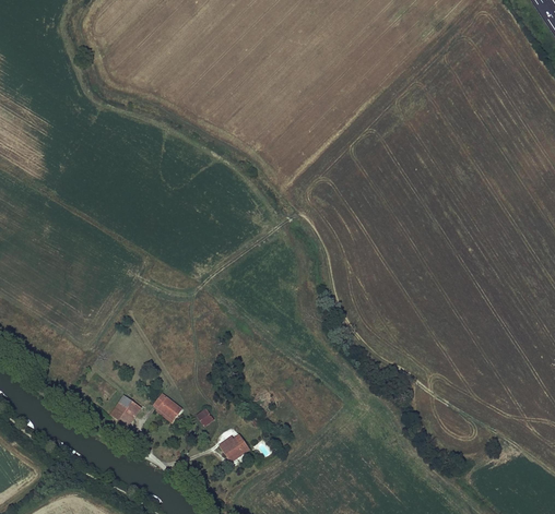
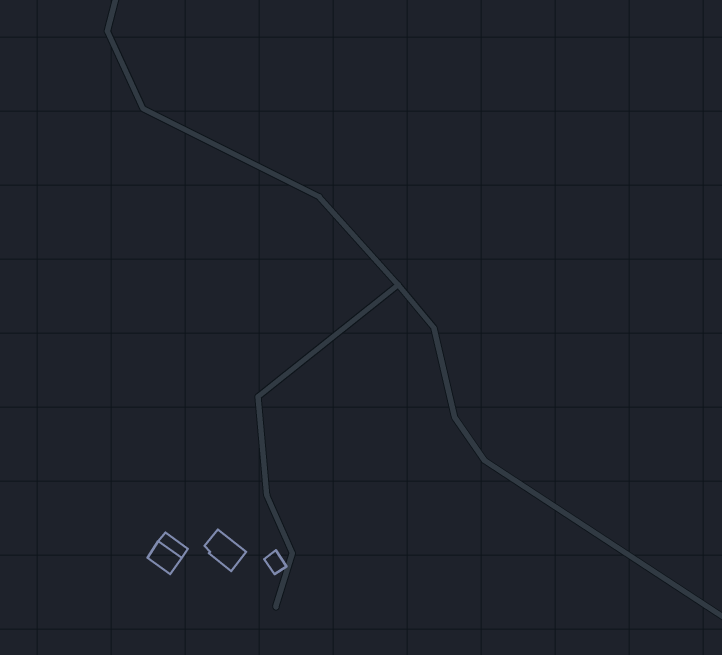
building: [219,434,249,462] -> none

